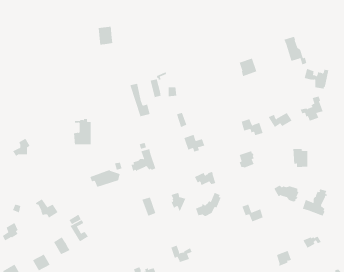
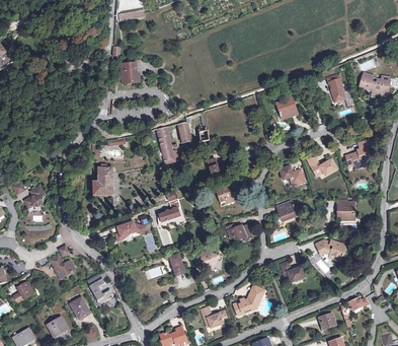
building: [304,68,329,89] -> [361,74,389,97]
building: [302,188,328,216] -> none
building: [195,192,221,217] -> [233,285,262,313]

